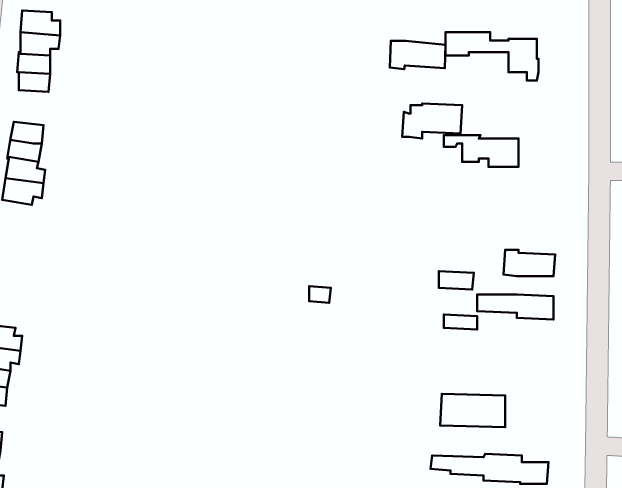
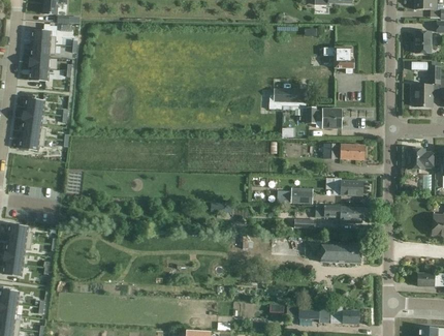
building: [390,41,445,69] -> none
building: none -> [321,143,363,159]
building: [440,394,505,427] -> [320,242,360,263]

